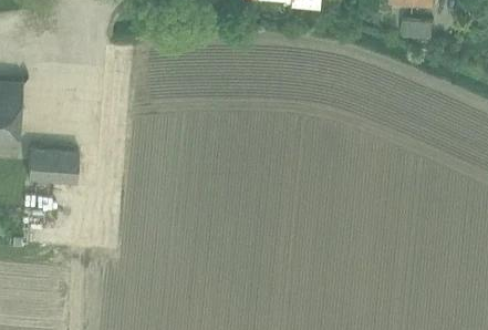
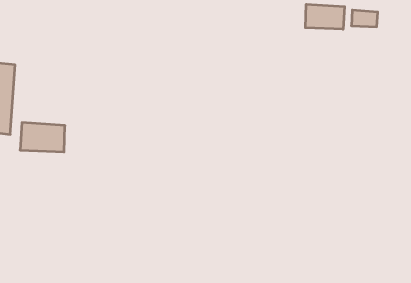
building: none -> [305,4,345,29]

